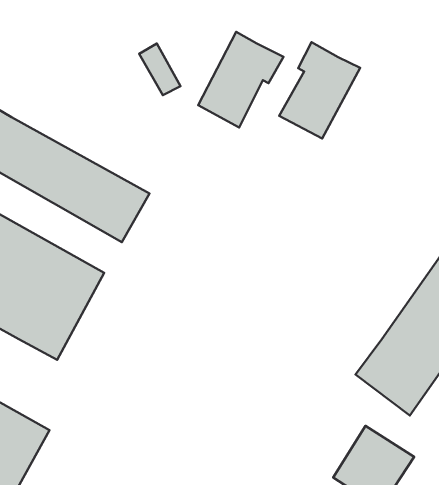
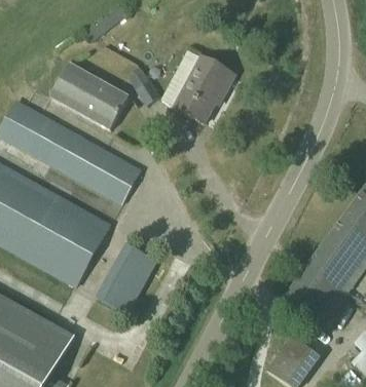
building: [279,42,360,138] -> none
building: none -> [48,64,129,131]
building: none -> [97,243,155,313]

